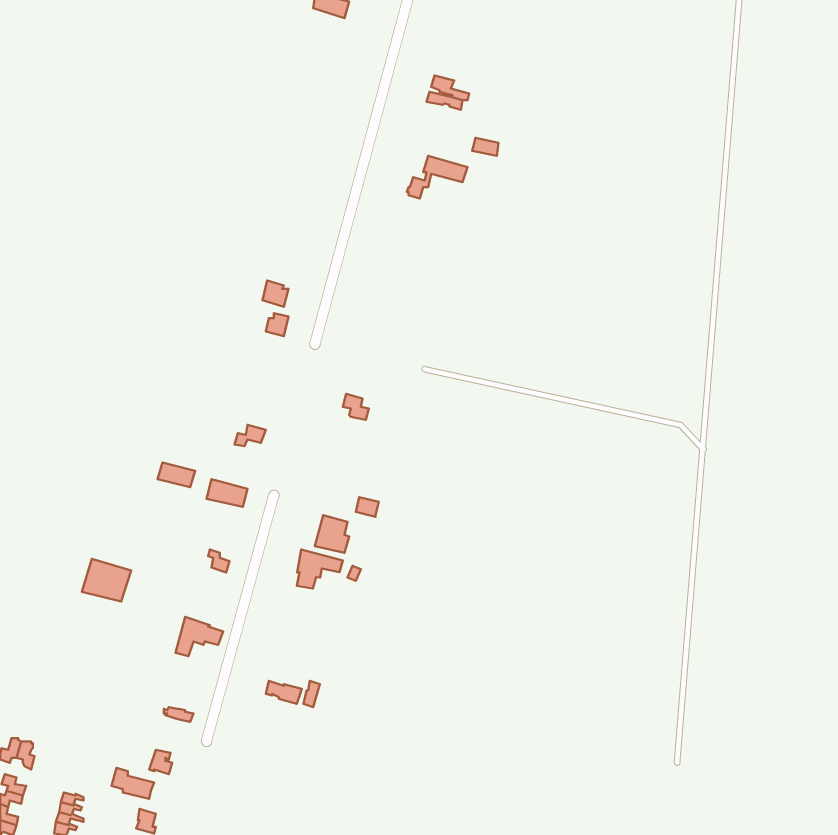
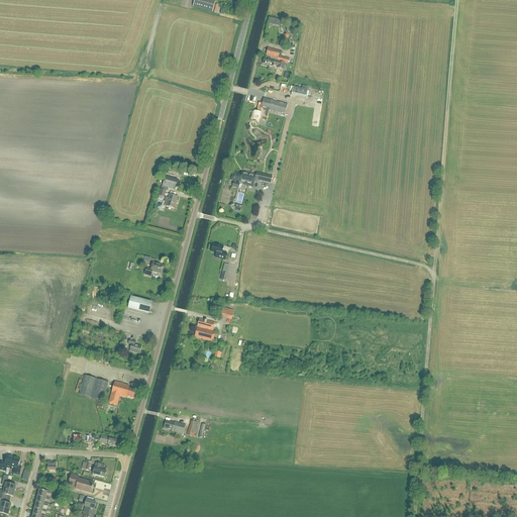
building: none -> [231,170,272,187]
building: [297,550,343,589] -> none
building: [82,559,131,602] -> [79,374,109,400]

